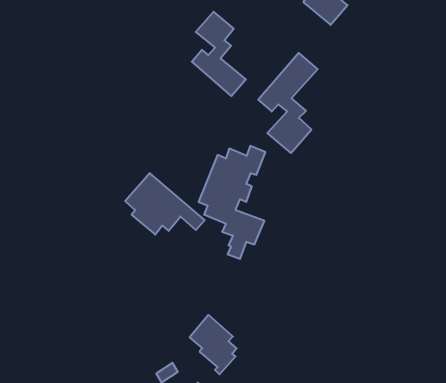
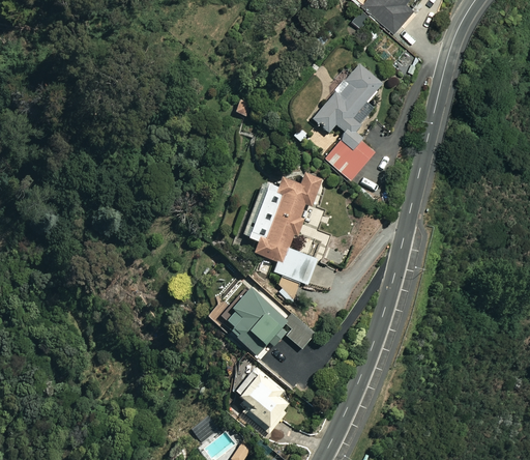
building: [192,12,246,96] -> none
building: [125,173,205,235] -> [220,282,312,352]

